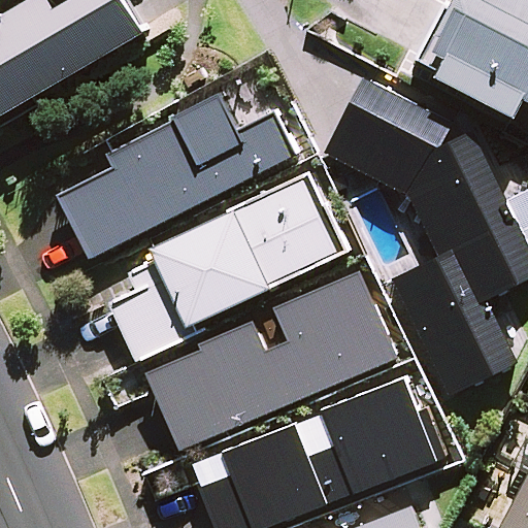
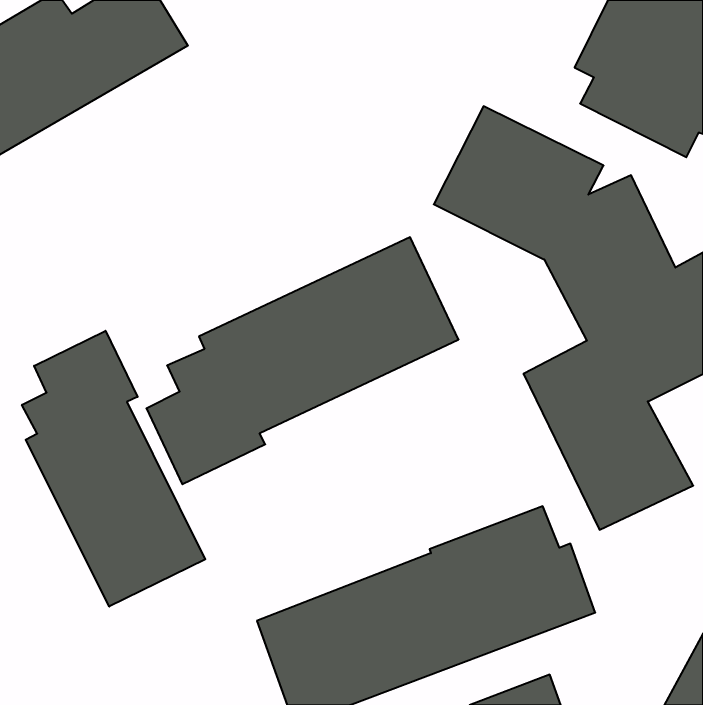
building: [59,97,297,259] -> none
building: none -> [22,331,205,607]
building: [146,271,397,451] -> none

